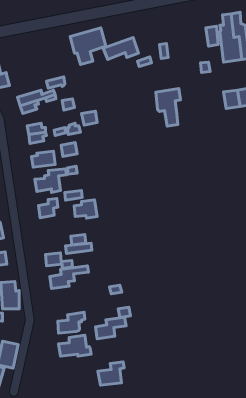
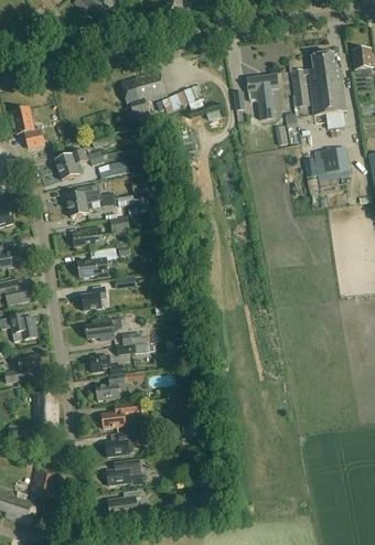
building: [156,89,180,126] -> [246,73,277,120]
building: [74,200,97,218] -> [85,317,114,340]
building: [95,317,126,339] -> [100,400,139,428]
building: [98,362,124,385] -> [107,489,140,519]

